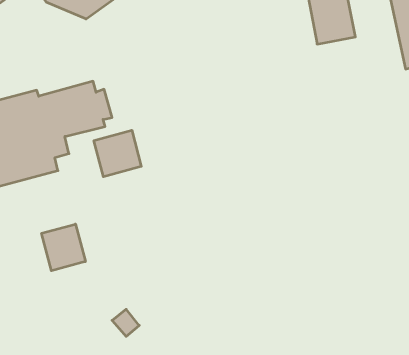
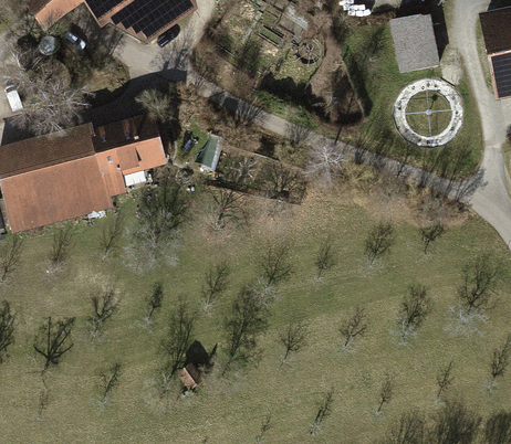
building: [94,130,141,177] -> none
building: [42,224,85,271] -> none

